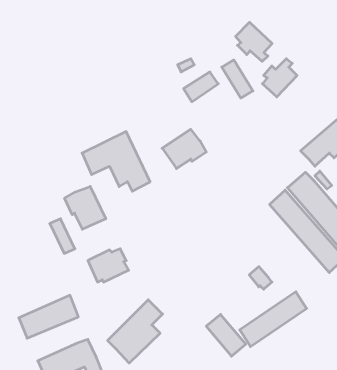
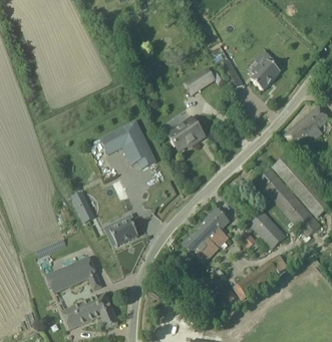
building: [236,22,272,61] -> none
building: [65,186,106,229] -> none
building: none -> [247,211,285,249]
building: [108,300,163,363] -> [183,208,229,261]

